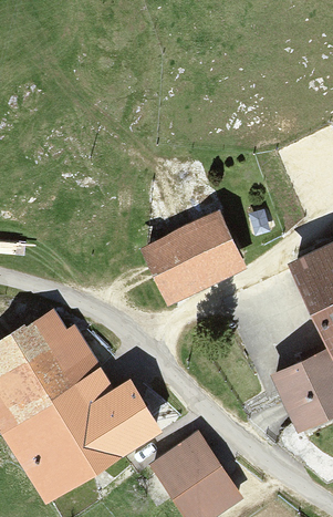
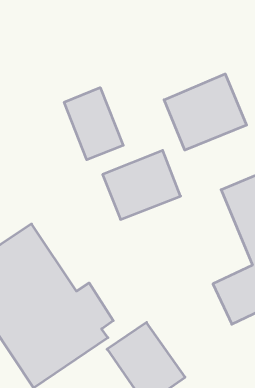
building: none -> [164,74,247,150]
building: none -> [64,88,123,160]

